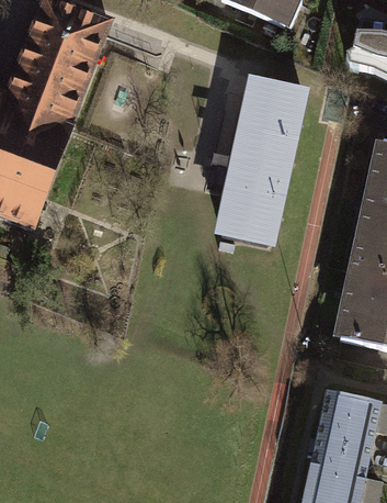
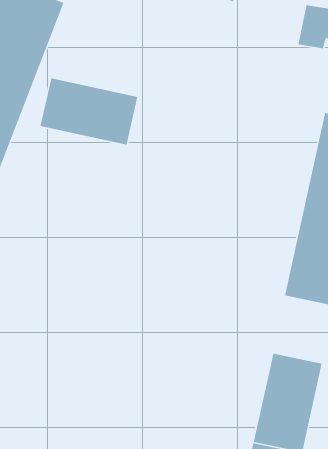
building: [221,78,303,244] -> none
building: none -> [40,78,138,146]

